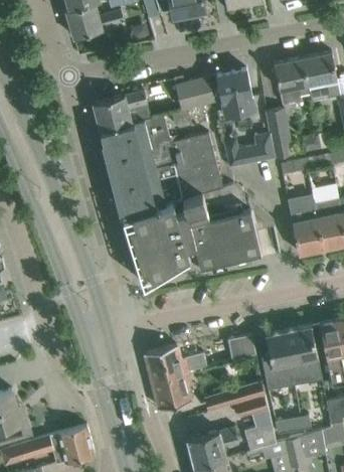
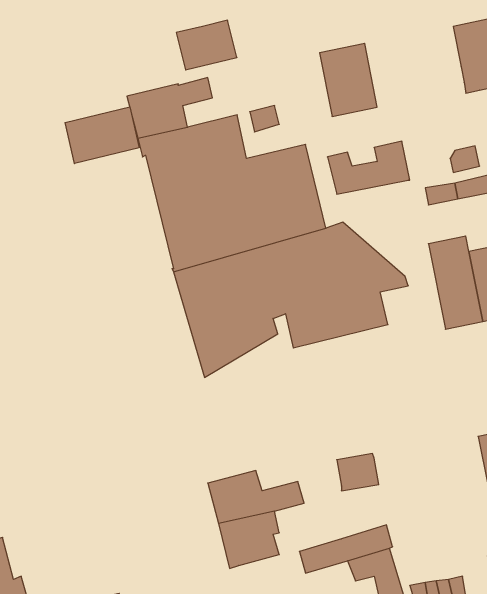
building: [275,58,311,105] -> none
building: [175,77,214,110] -> [176,20,237,70]
building: [267,109,293,158] -> none
building: none -> [65,107,139,164]
building: [261,326,321,389] -> none

